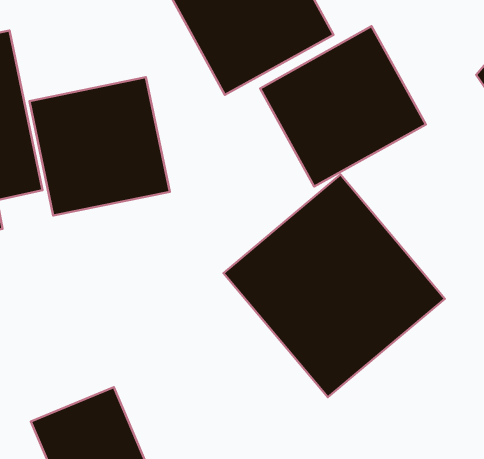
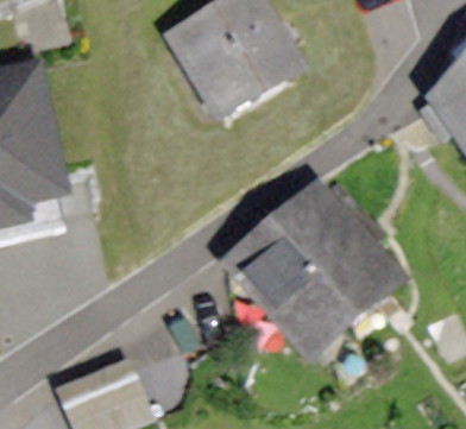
building: [260,26,426,187] -> none
building: [29,77,170,216] -> none

